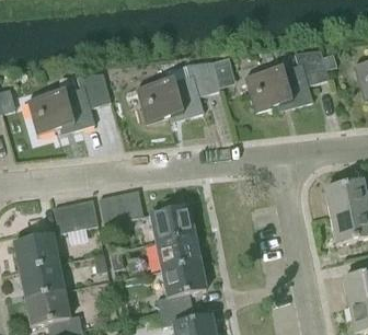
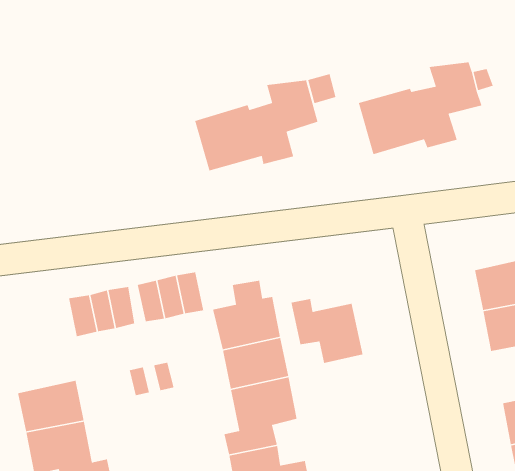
building: [28,72,111,134] -> none
building: none -> [290,298,364,364]
building: [13,233,58,269] -> none

